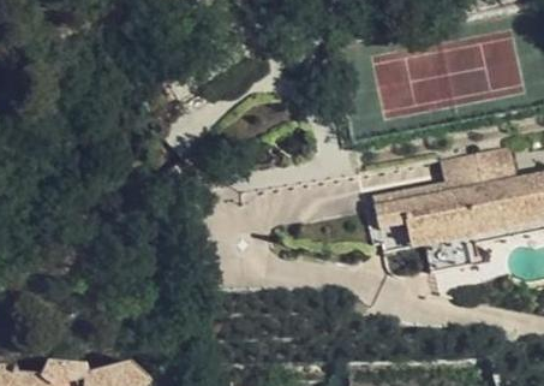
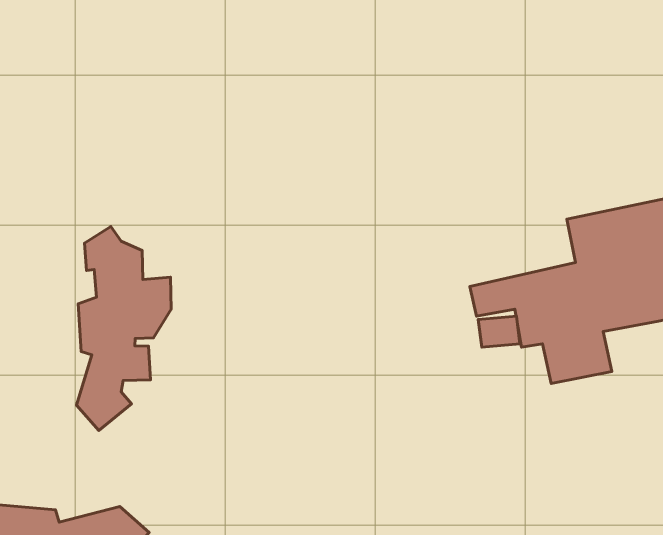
building: none -> [77,226,171,430]

